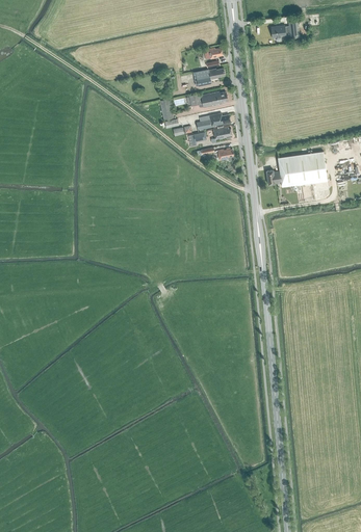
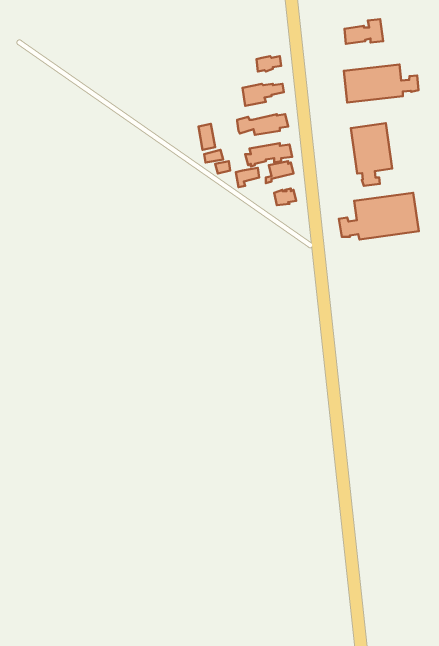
building: none -> [344,65,419,102]
building: none -> [351,123,392,186]

